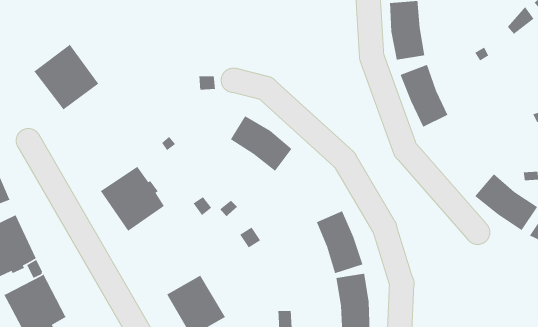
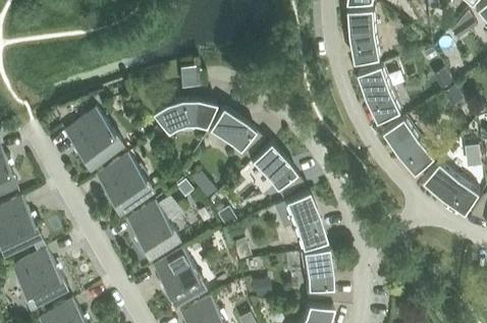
building: [33,44,100,111] -> [63,109,122,168]
building: none -> [154,101,216,134]
building: none -> [383,117,434,172]
building: none -> [251,145,303,200]
building: none -> [125,200,181,258]

